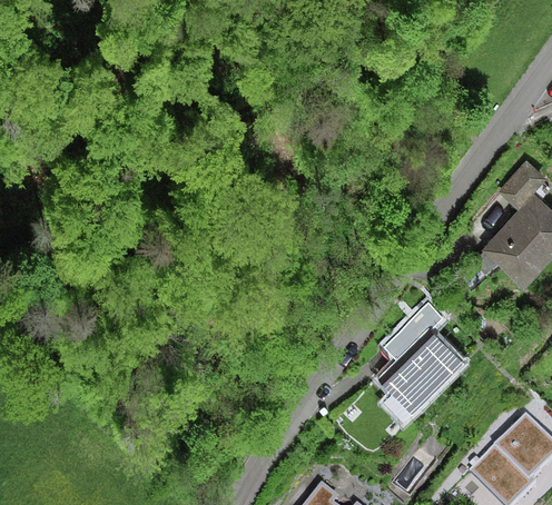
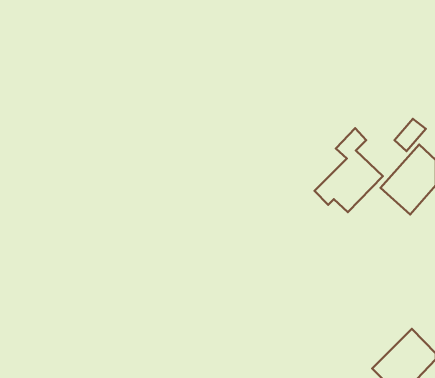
building: [376,301,459,403] -> [314,128,383,212]

